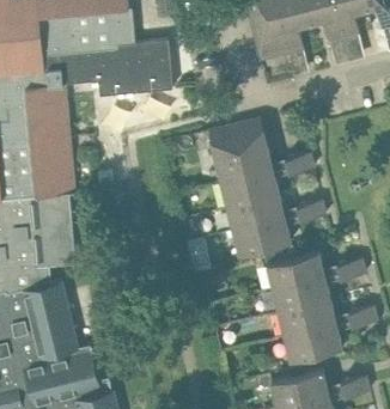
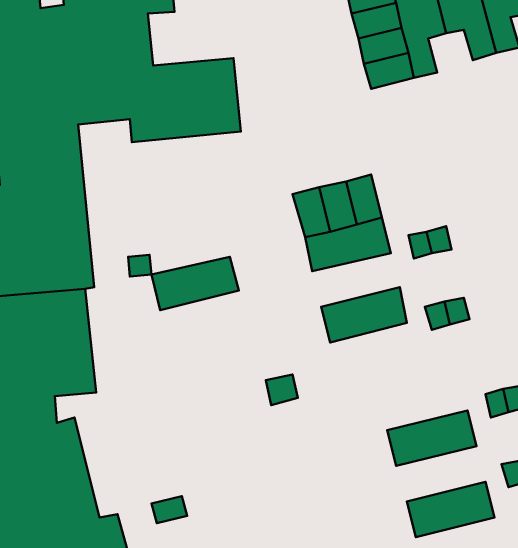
building: [220,171,279,207] -> [151,257,239,310]
building: [232,218,291,256] -> none
building: [263,251,324,289] -> none
building: [276,300,336,337] -> none

